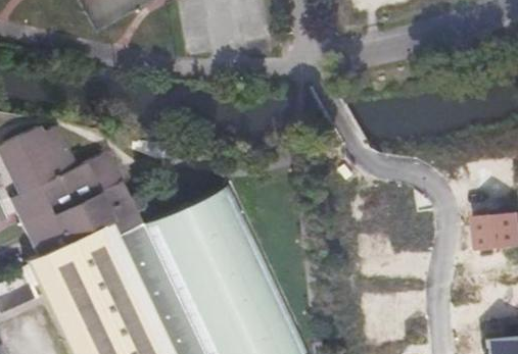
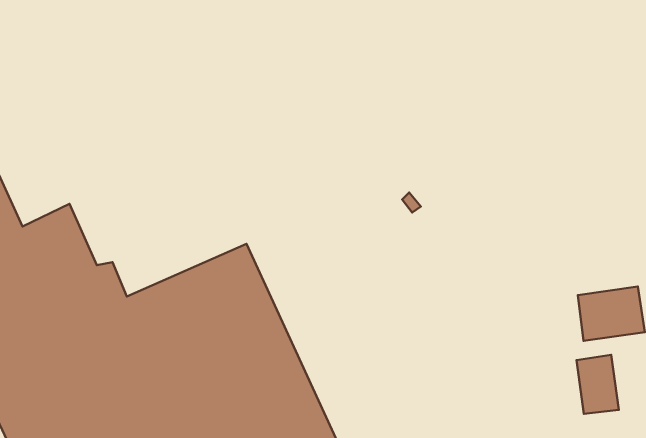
building: none -> [577,355,619,414]

